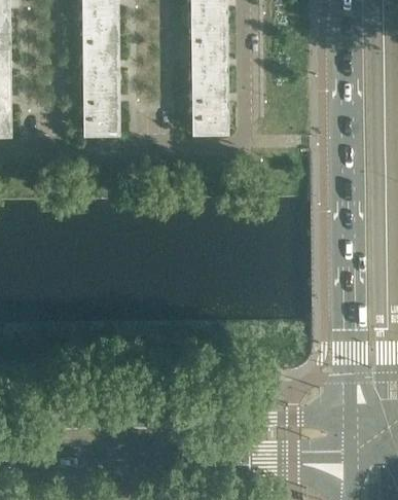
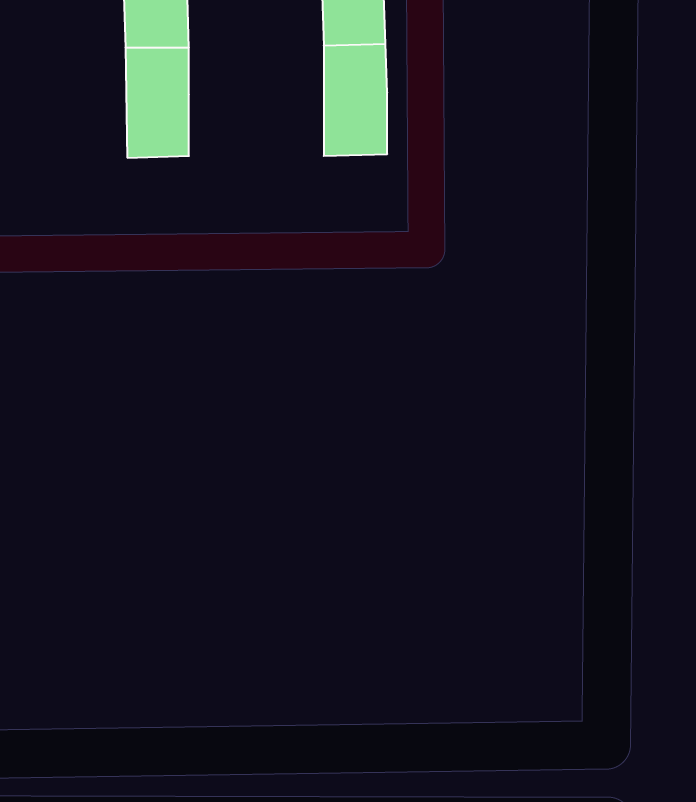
building: [191,96,226,131] -> none
building: [83,97,117,132] -> none

